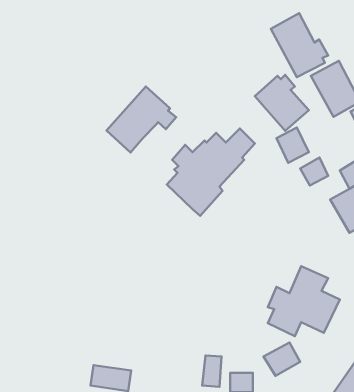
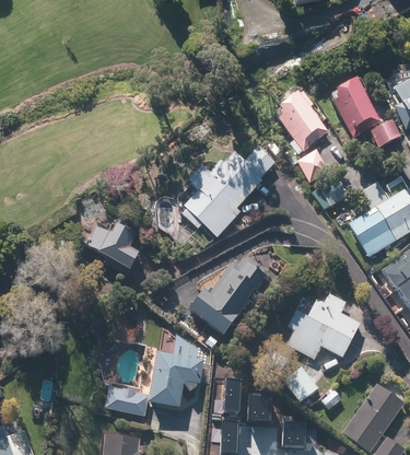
building: [271,13,328,77] -> none
building: [107,86,176,152] -> none
building: none -> [84,223,140,275]
building: none -> [189,254,271,332]
building: none -> [150,340,203,407]

